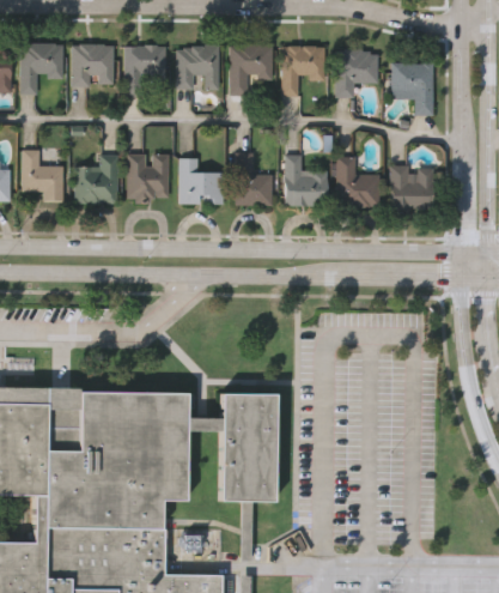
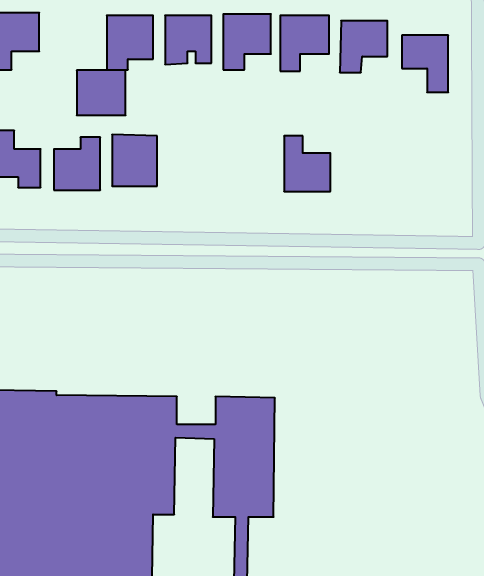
building: [71,44,115,85] -> [77,70,126,115]
building: [236,152,273,205] -> none
building: [337,157,379,206] -> none
building: [181,158,224,204] -> none
building: [390,165,433,212] -> none

